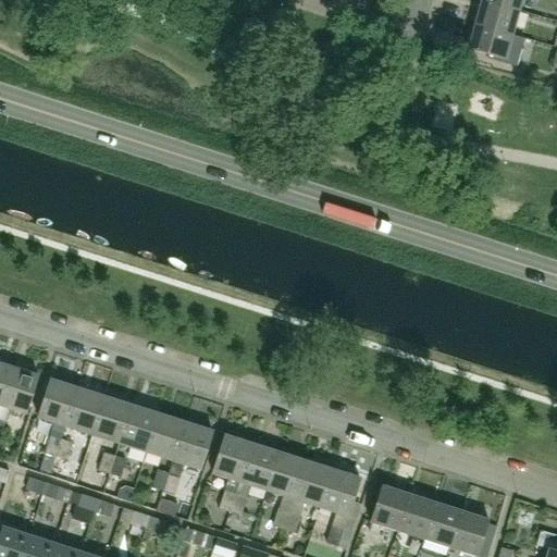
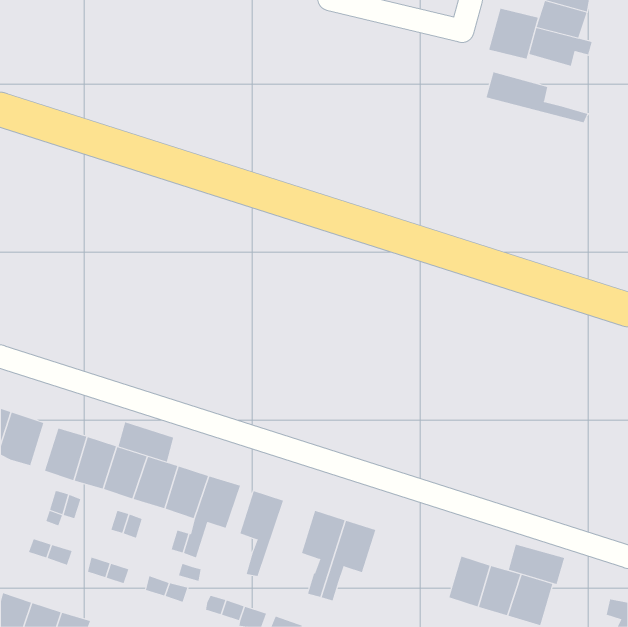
building: none -> [489,8,539,59]
building: none -> [486,71,588,123]
building: none -> [118,421,174,462]
building: [228,443,278,515] -> none
building: [321,469,360,548] -> none
building: none -> [508,544,565,585]
building: [370,484,408,529] -> none

